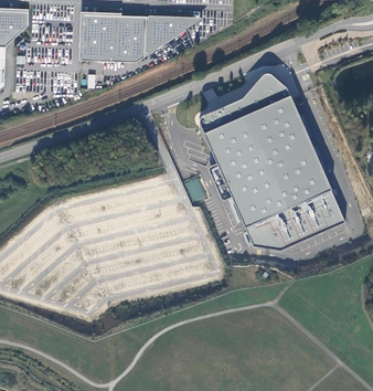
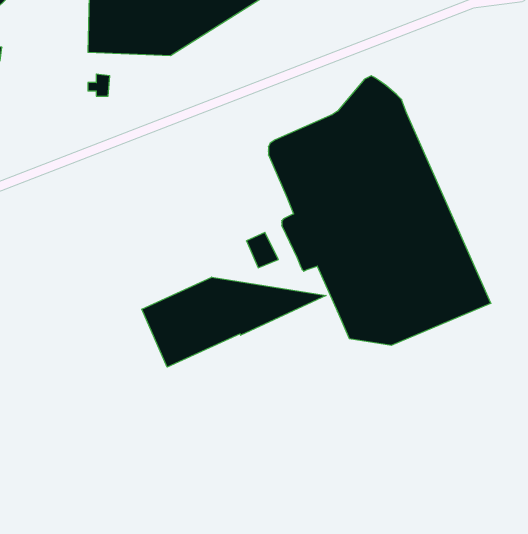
building: none -> [142,277,326,367]

